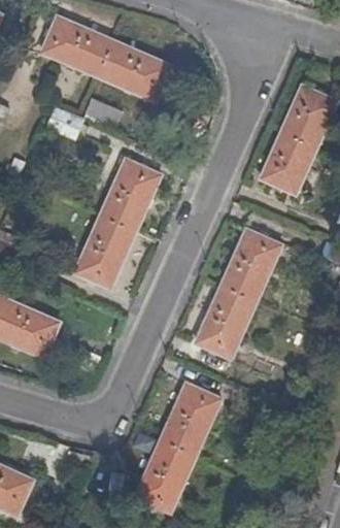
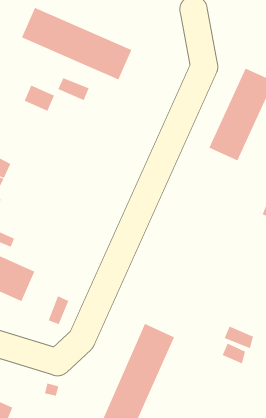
building: [74,159,161,287] -> none
building: [196,230,280,357] -> none

